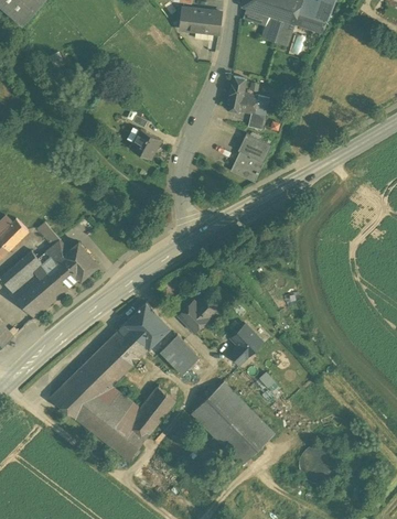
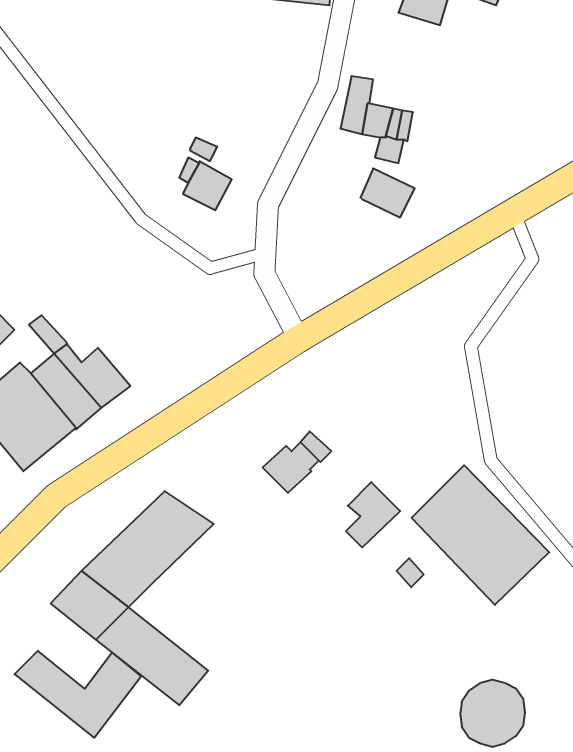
building: [230,152,262,182] -> none
building: [119,303,170,349] -> none
building: [159,335,200,375] -> none
building: [191,381,275,466] -> [412,465,549,605]
building: [97,386,174,439] -> [14,651,141,738]

